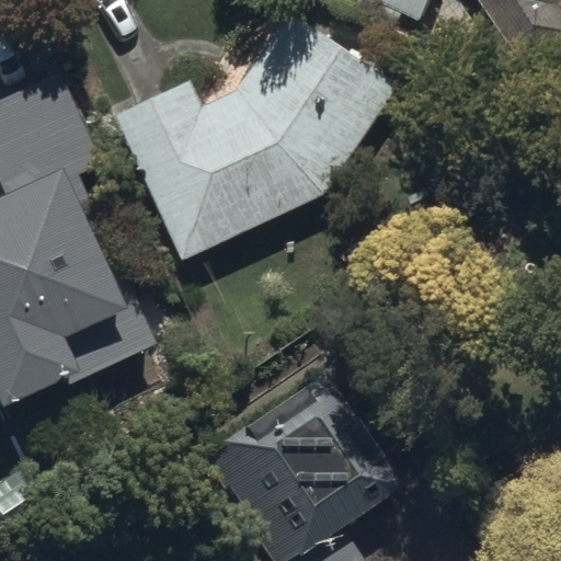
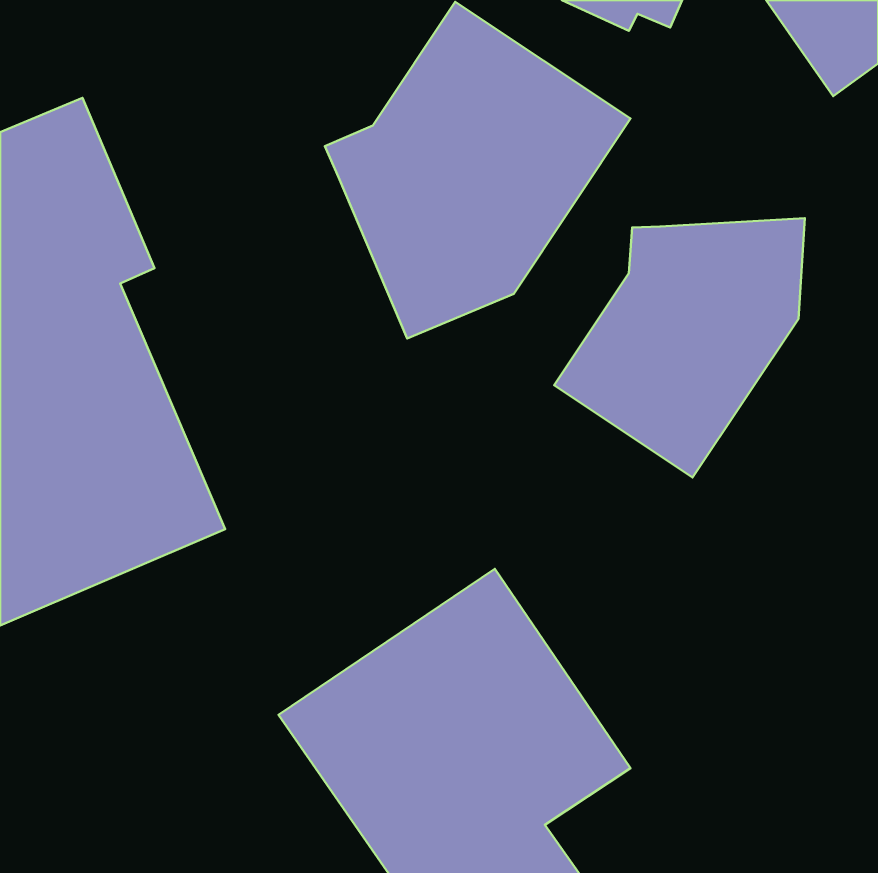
building: [101,94,256,282] -> none
building: none -> [554,218,805,477]

